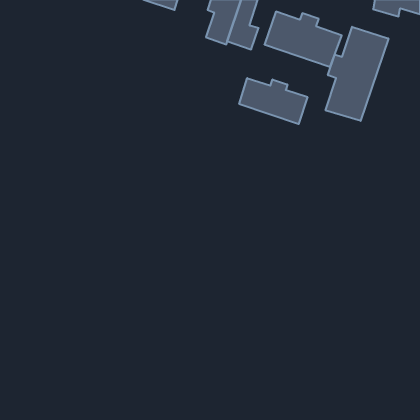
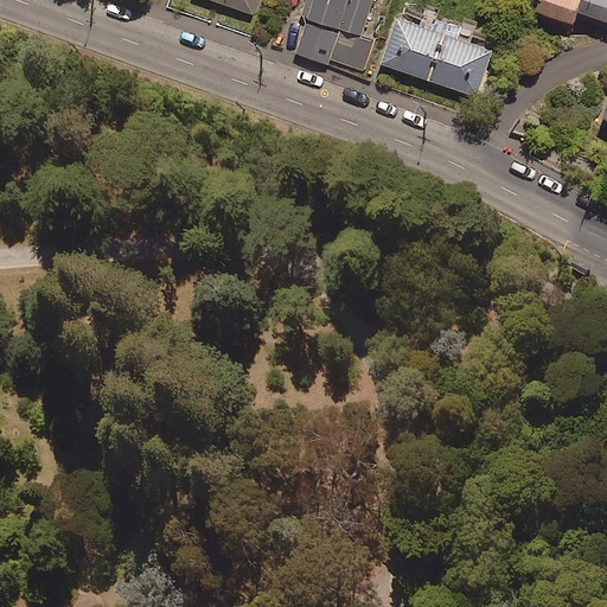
building: [326,27,388,121] -> none
building: [239,78,307,124] -> none

